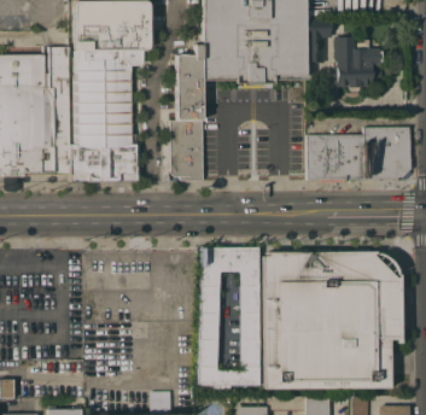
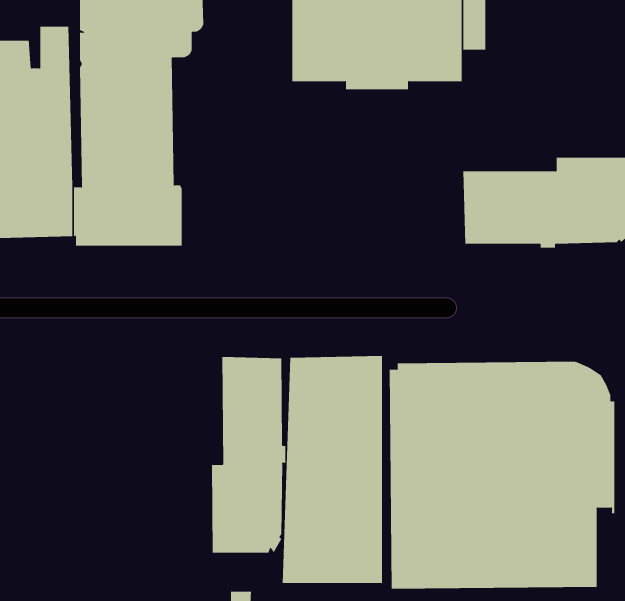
building: [335,36,383,92] -> none
building: [171,43,204,180] -> none
building: none -> [211,356,286,554]

